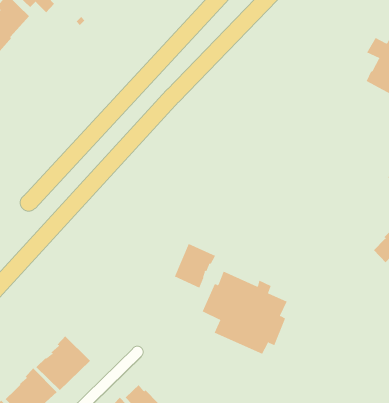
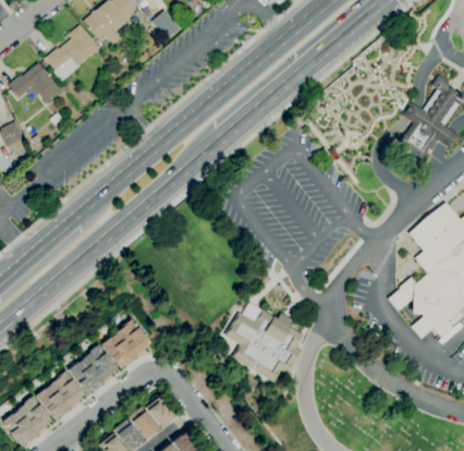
building: [174,243,216,289] -> none
building: none -> [100,319,149,369]

